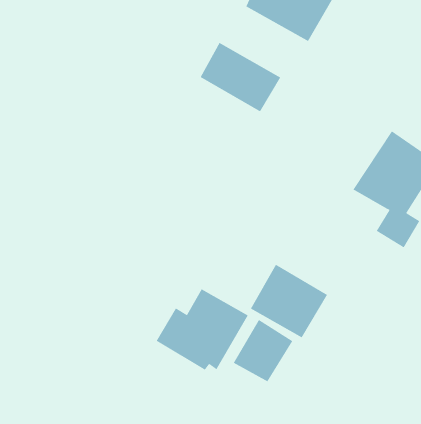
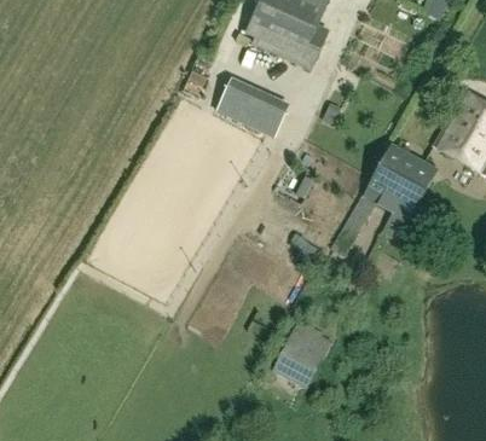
building: [250,264,328,338] -> none
building: [156,288,249,370] -> none

